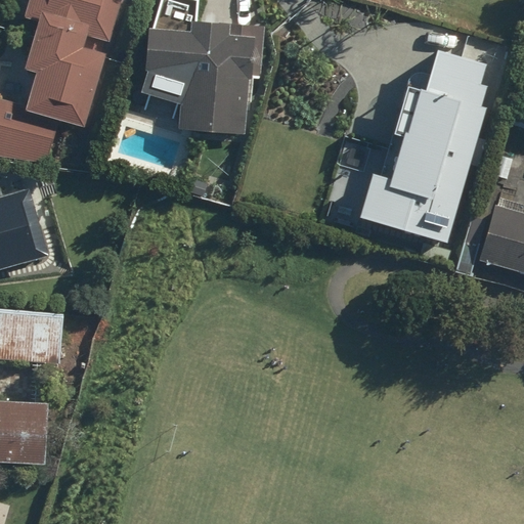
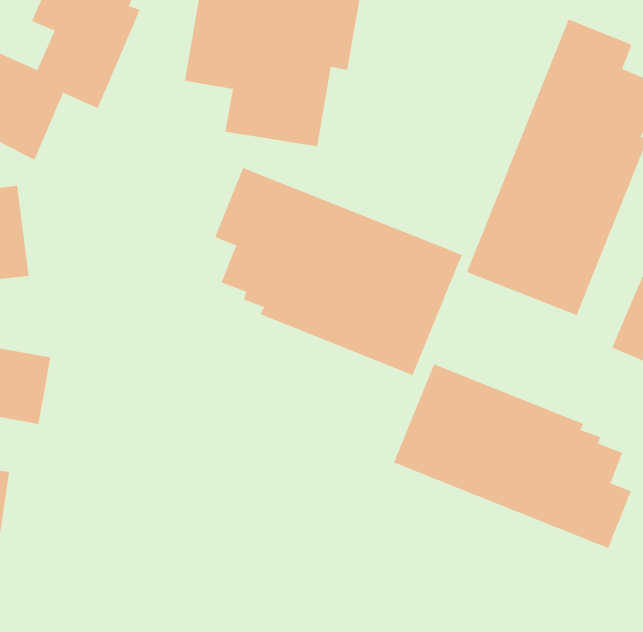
building: none -> [215,167,462,376]
building: none -> [393,363,632,549]

